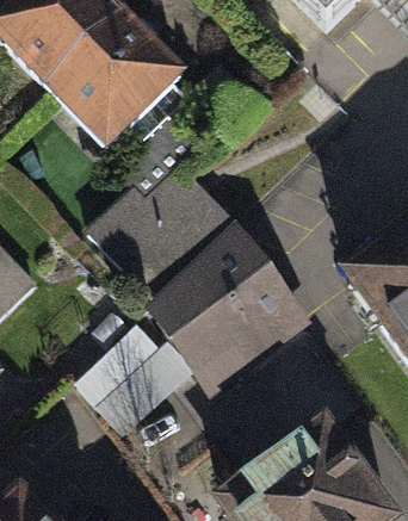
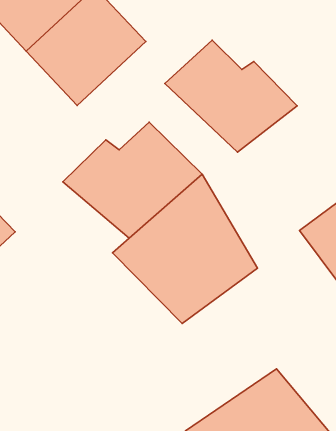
building: none -> [165,40,297,152]
building: [84,321,197,427] -> none

